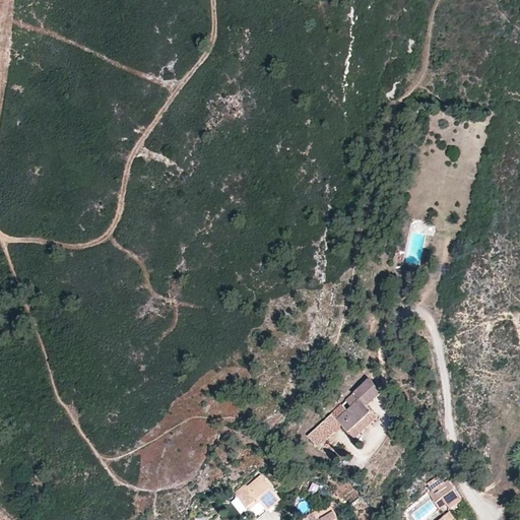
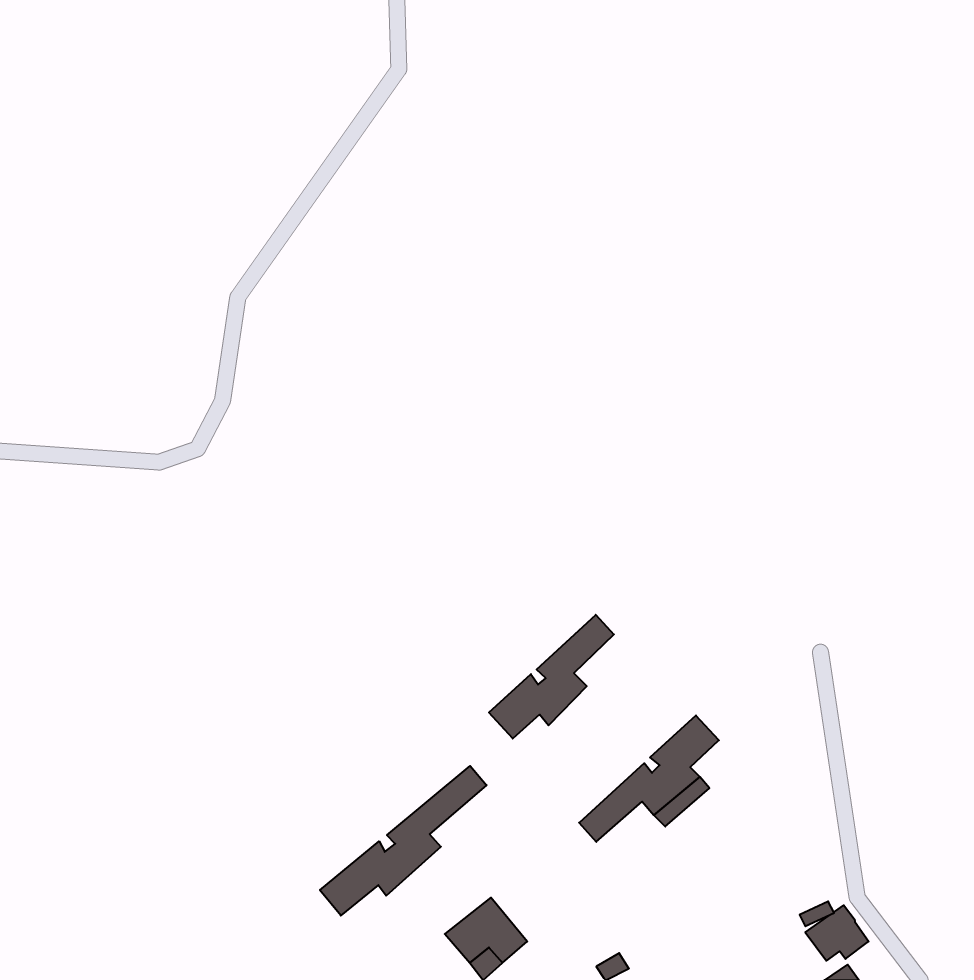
building: none -> [489,615,614,739]
building: none -> [320,766,487,916]

